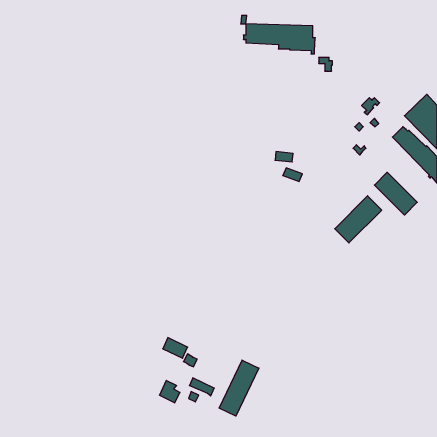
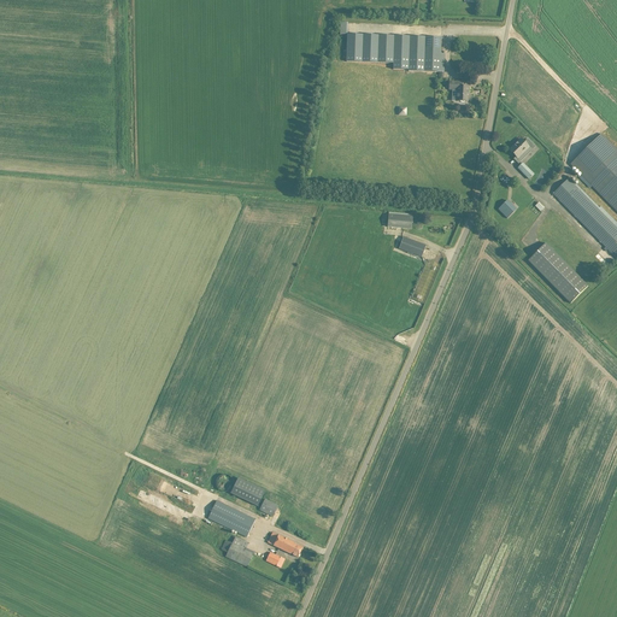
building: [335,196,382,243] -> none
building: none -> [207,500,254,536]
building: [219,360,259,416] -> none

